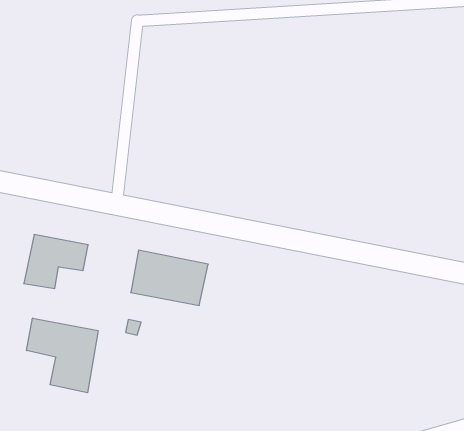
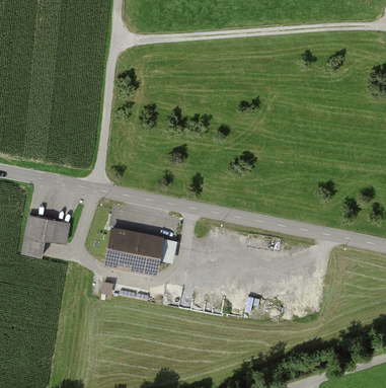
building: [27,318,98,393] -> none

